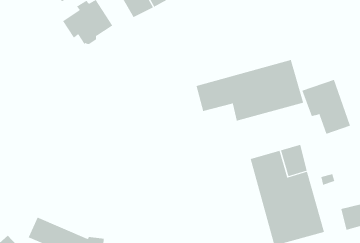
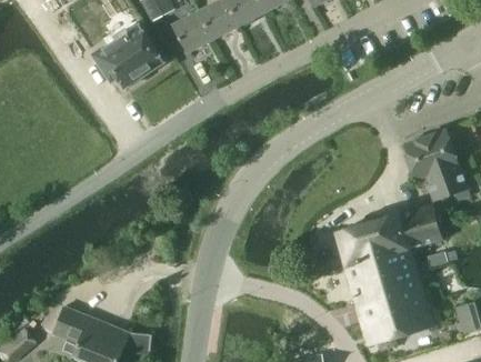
building: [196,59,304,122] -> none
building: none -> [402,205,442,248]

